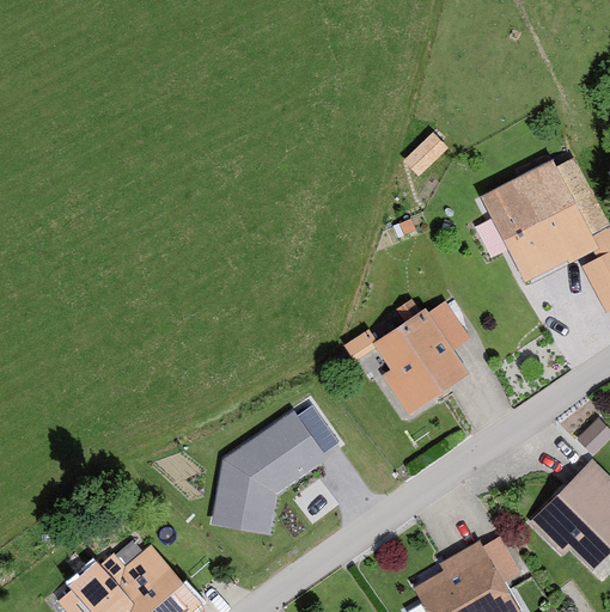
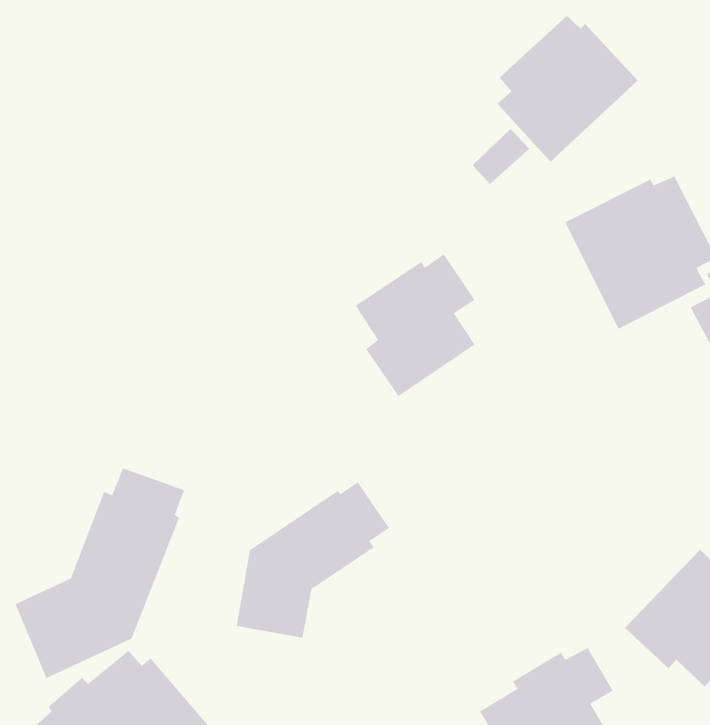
building: none -> [497,15,639,162]
building: [372,302,469,417] -> [355,254,476,397]
building: none -> [15,468,185,679]

